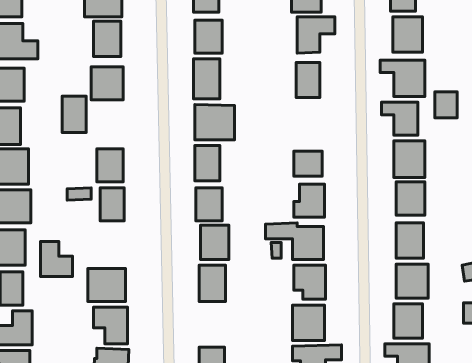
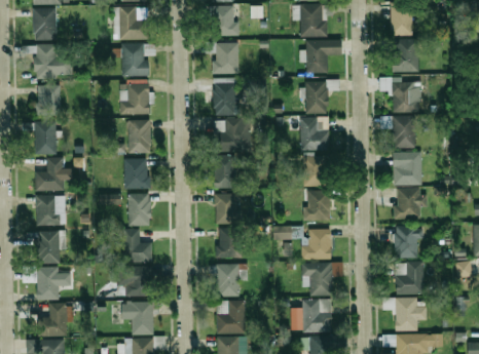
building: [435,92,457,118] -> none
building: [62,96,86,133] -> [128,120,150,153]
building: none -> [300,117,329,149]
building: [40,241,72,277] -> [123,230,152,262]
building: none -> [217,301,246,333]

